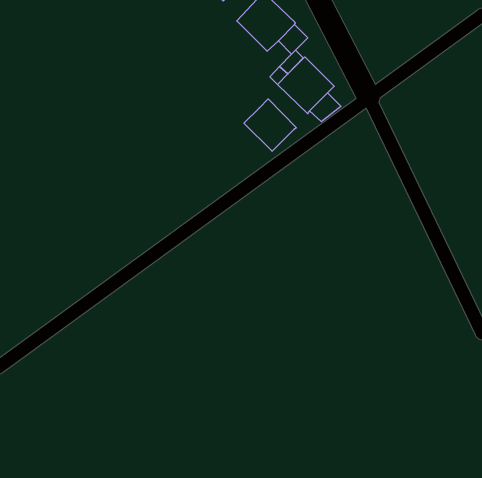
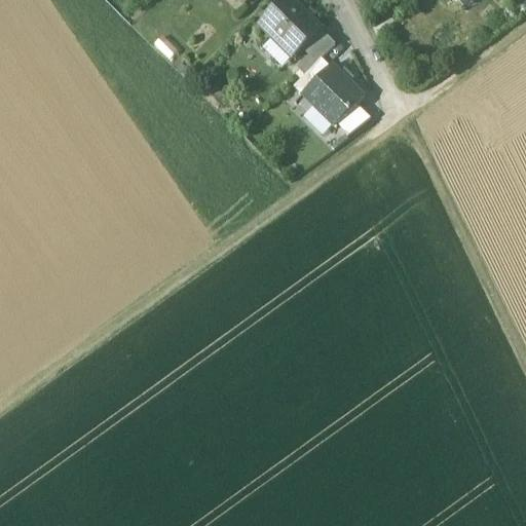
building: [244,99,296,151] -> none

